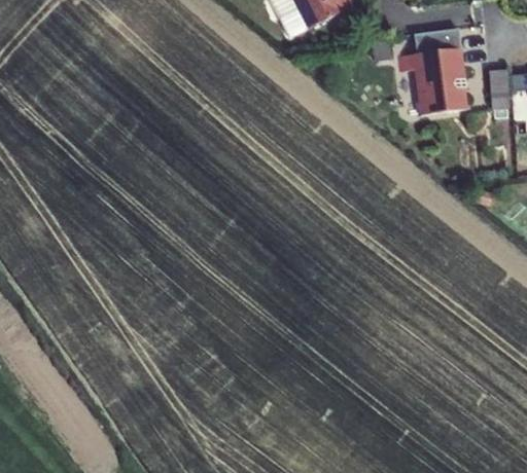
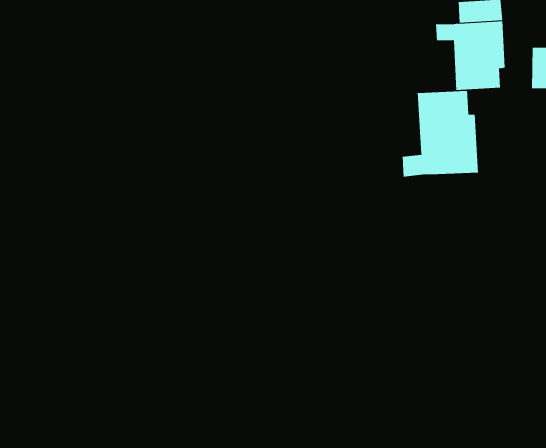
building: none -> [402,90,478,177]

